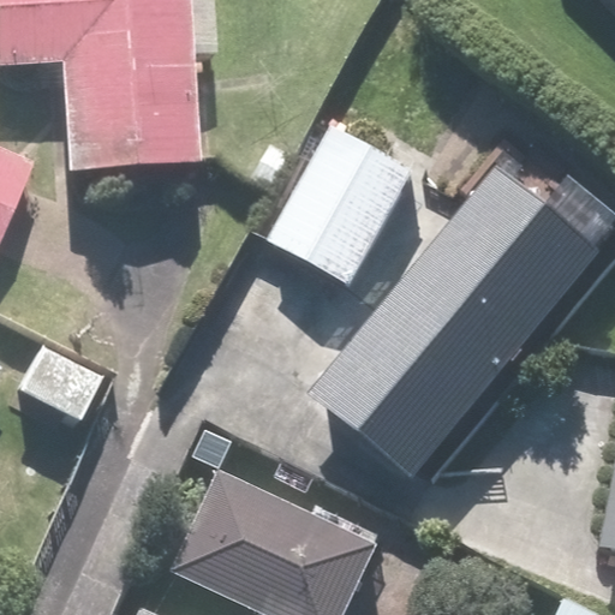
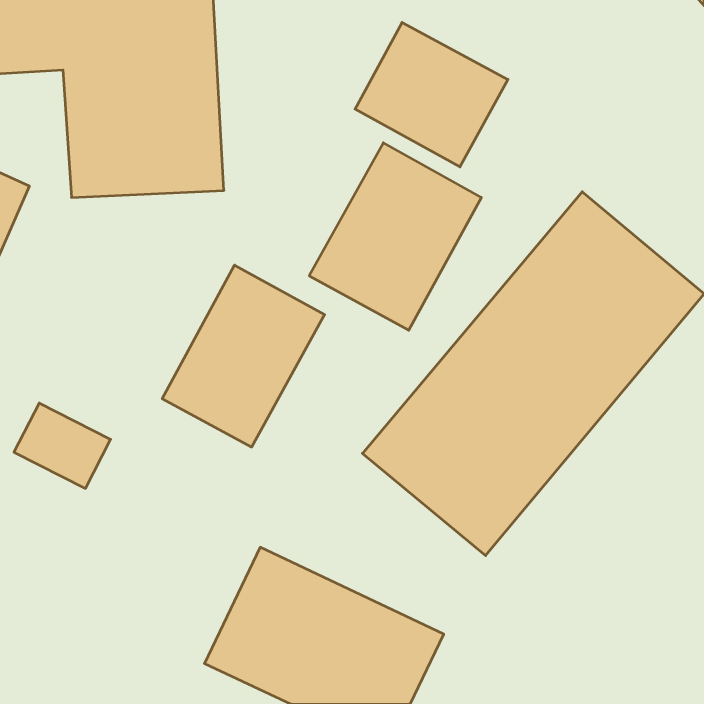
building: none -> [355,22,508,167]
building: none -> [162,265,325,447]

